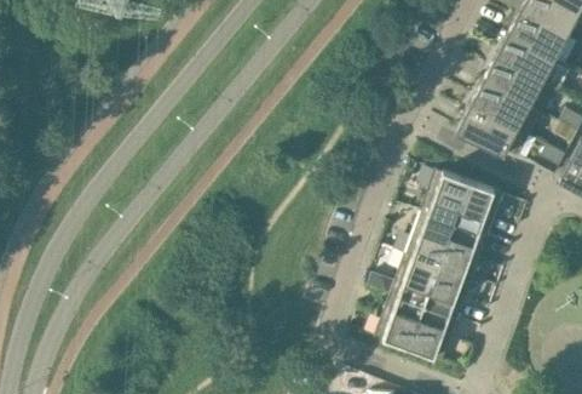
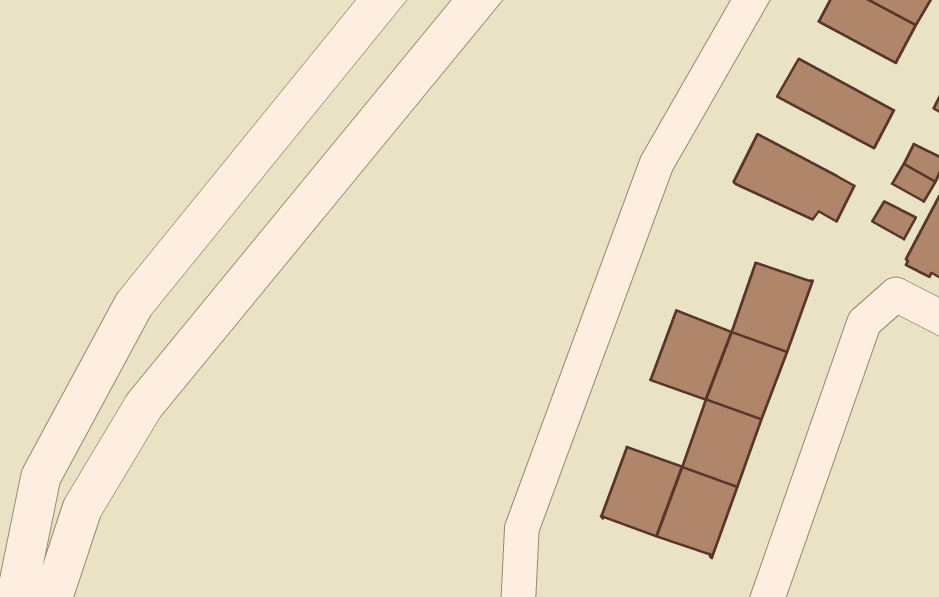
building: [495,33,571,91] -> none
building: [469,79,541,133] -> none
building: [420,167,468,223] -> none
building: [390,252,438,306] -> none

